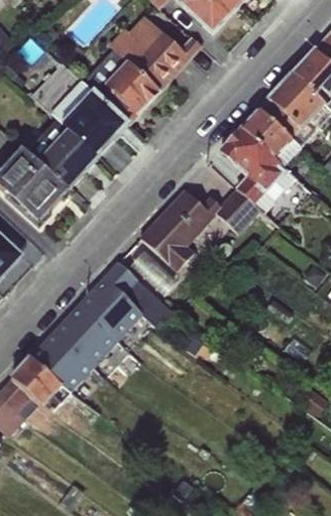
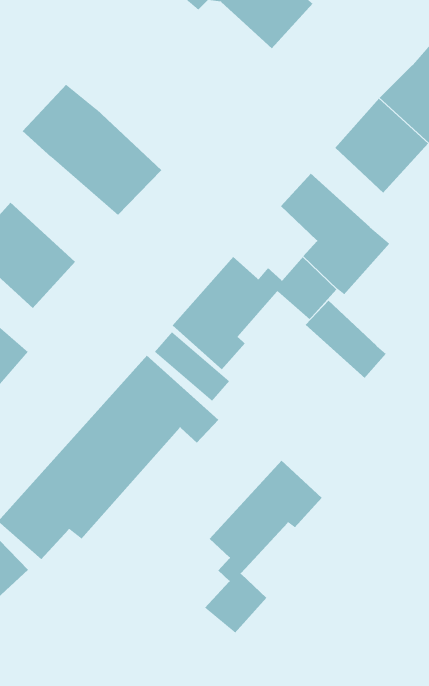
building: [85,14,203,124] -> none
building: [240,108,300,165] -> [305,300,387,379]
building: [22,115,100,190] -> none
building: none -> [204,460,322,634]

